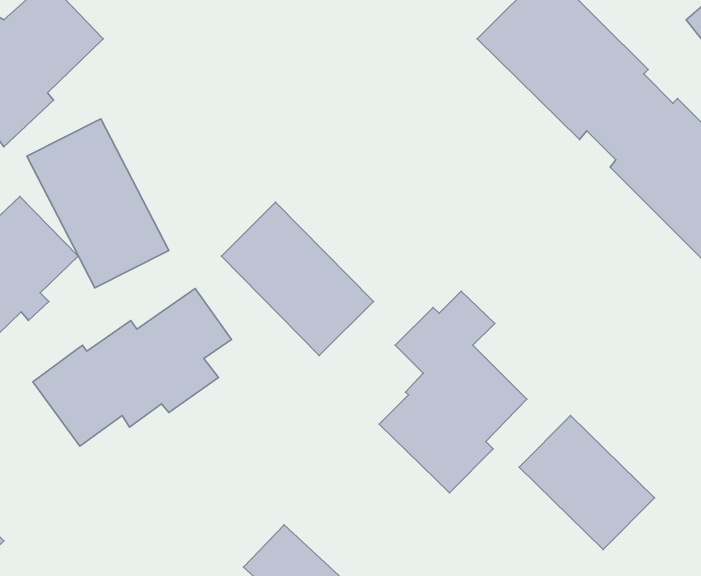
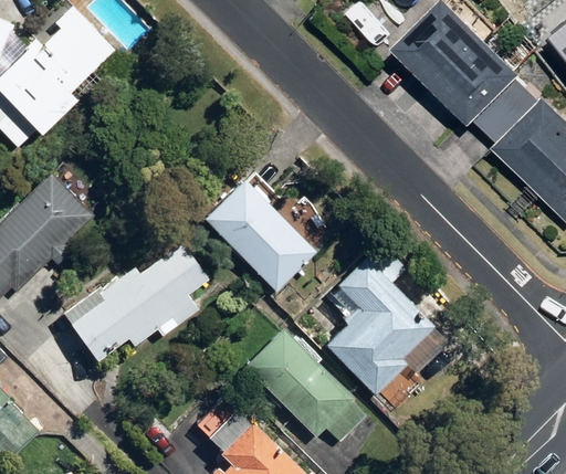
building: [27,119,169,288] -> none
building: none -> [241,327,366,442]
building: [519,416,655,550] -> none

